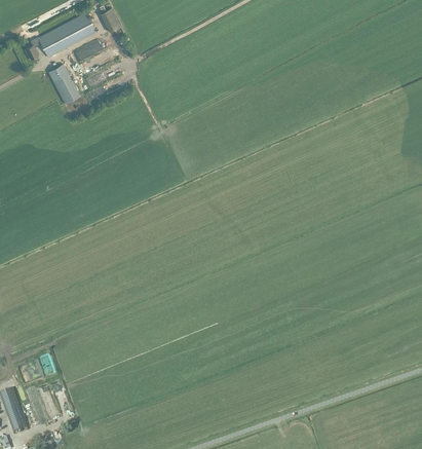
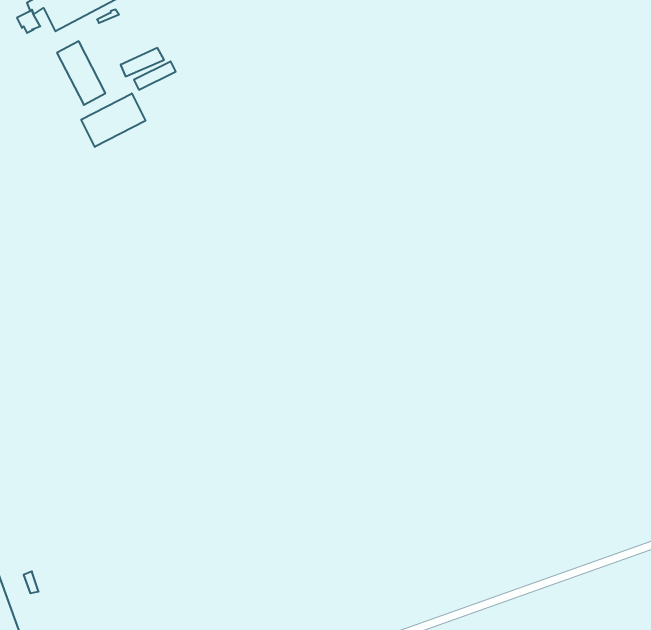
building: none -> [81,93,145,147]

